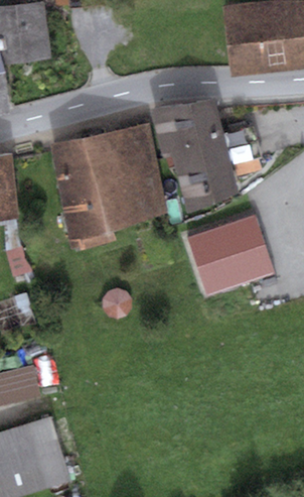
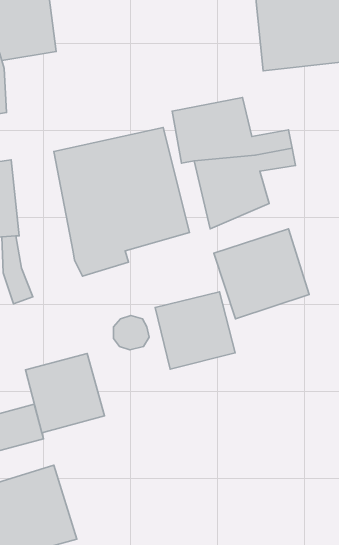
building: none -> [155,292,235,369]
building: none -> [25,353,104,433]

